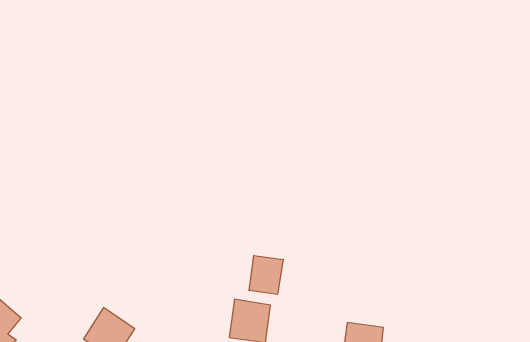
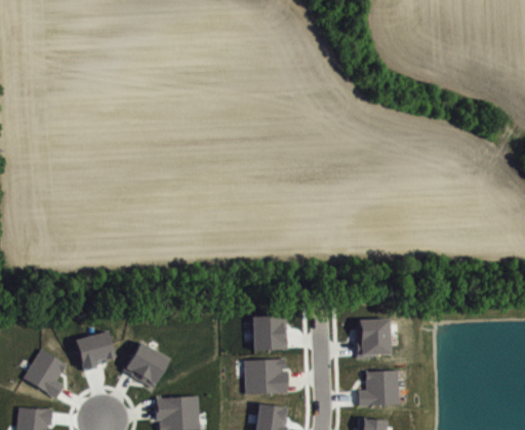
building: [249,255,283,294] -> none
building: none -> [75,331,114,369]

